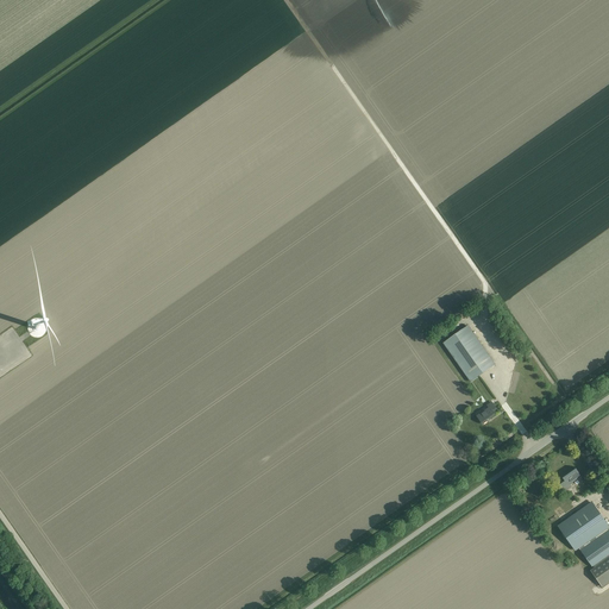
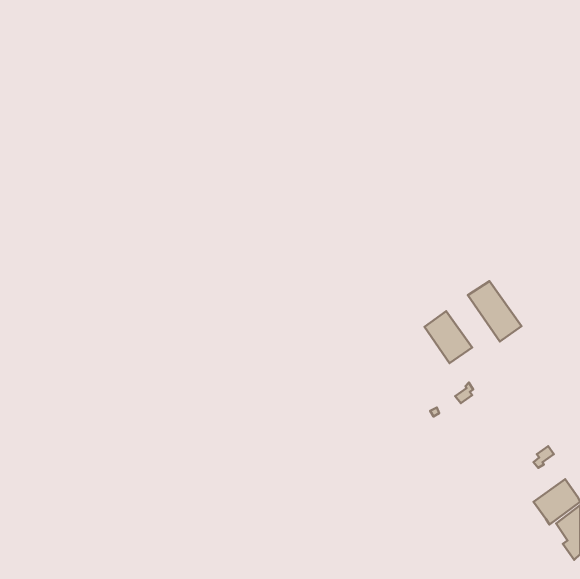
building: none -> [468,281,522,342]

